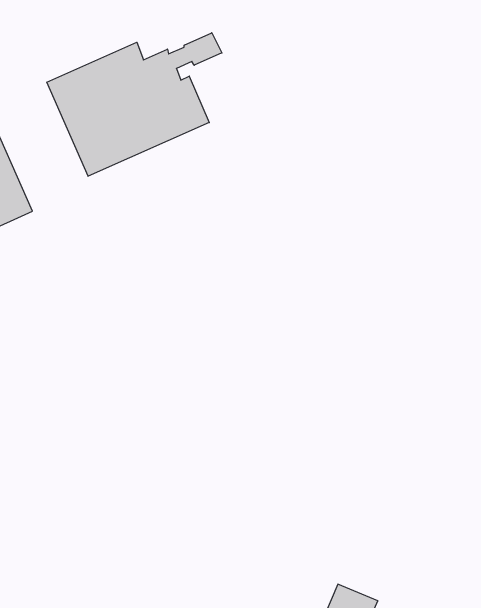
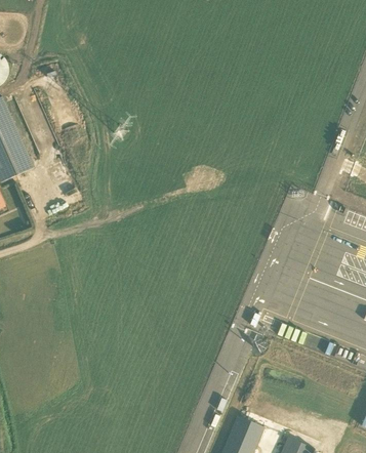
building: [47,33,222,176] -> none

